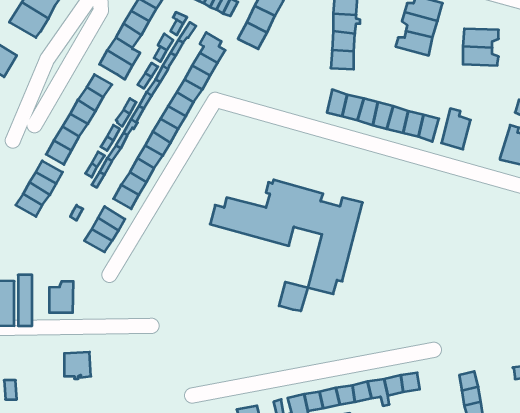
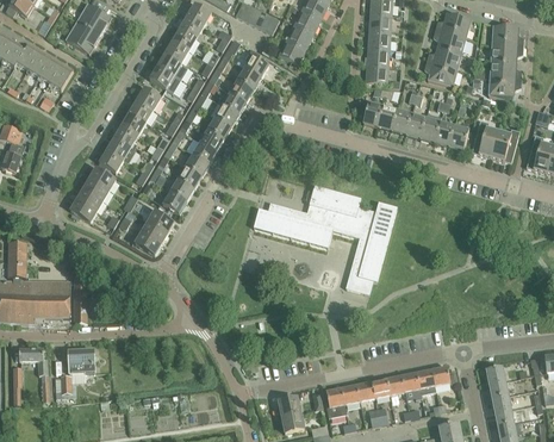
building: none -> [491,26,523,45]
building: none -> [424,61,457,86]
building: none -> [488,77,522,100]
building: none -> [490,127,518,162]
building: [49,281,73,313] -> none
building: [279,282,308,311] -> none
building: [64,352,91,379] -> [68,349,93,374]

